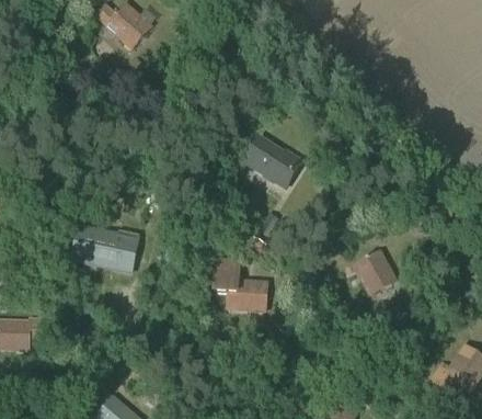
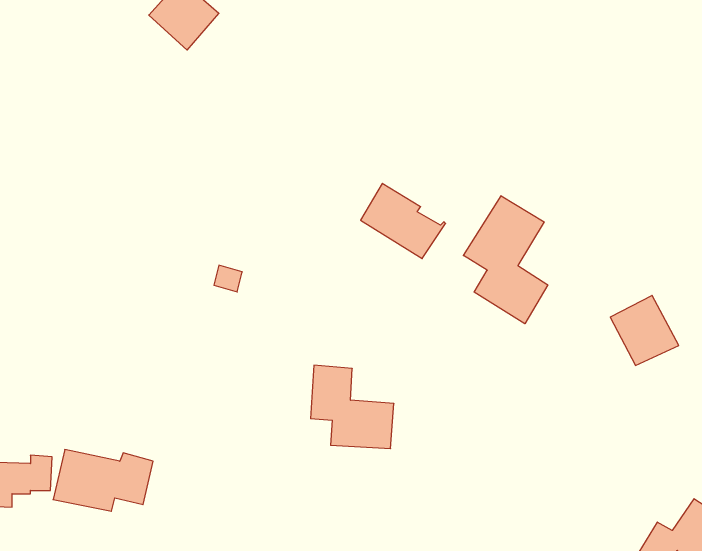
building: none -> [463,196,548,324]
building: [74,225,140,265] -> [53,450,153,511]
building: [353,250,398,296] -> [610,295,679,365]

